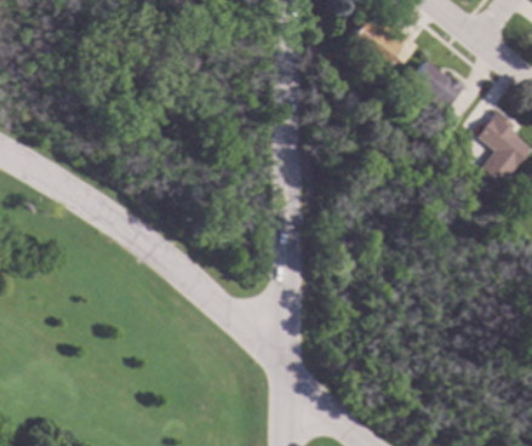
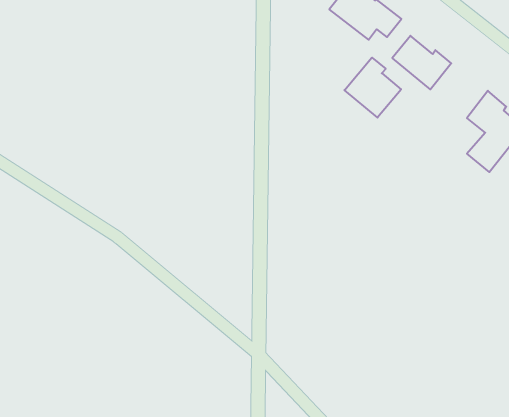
building: none -> [344,58,401,118]

